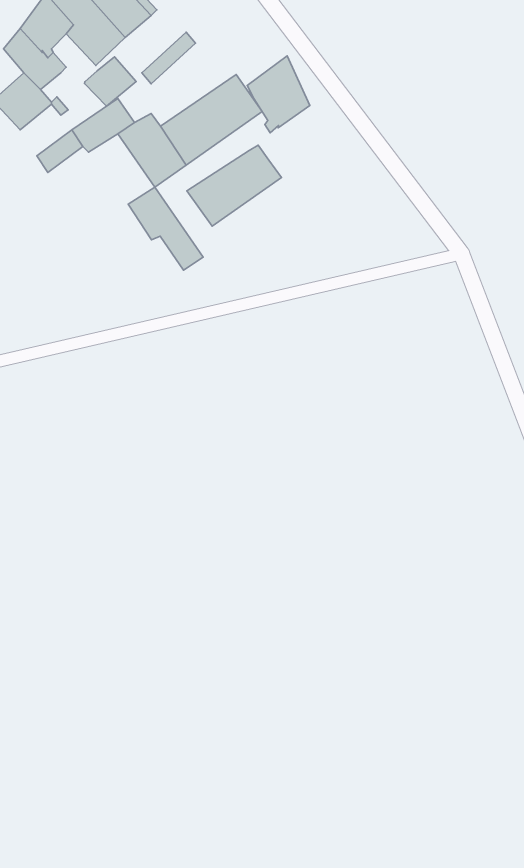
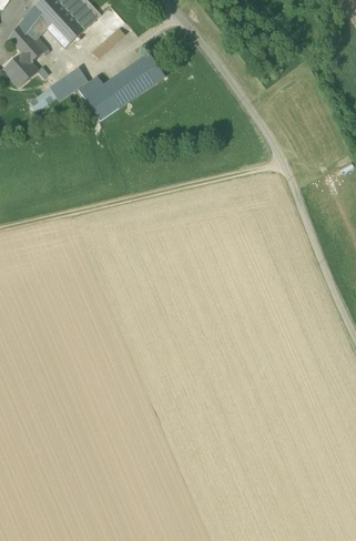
building: [247,56,310,133] -> none
building: [85,57,136,106] -> none
building: [187,145,281,226] -> none
building: [128,187,203,270] -> none

